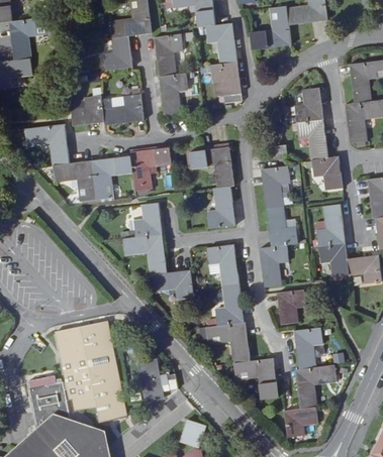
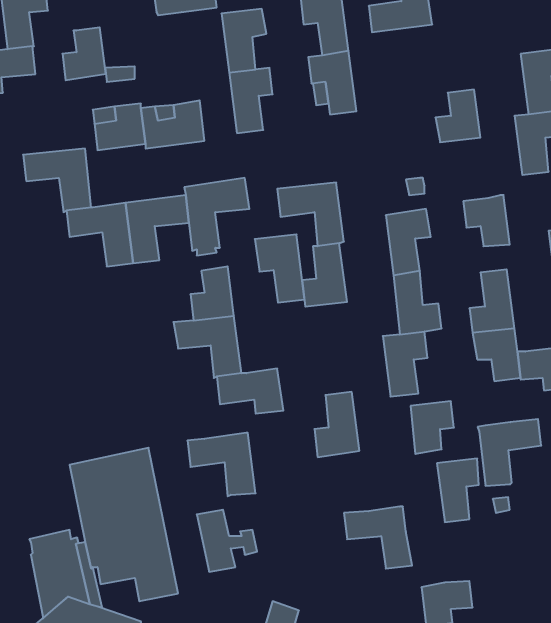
building: [103,36,131,71] -> [62,27,106,80]
building: [296,118,327,159] -> none
building: [206,241,238,285] -> [255,234,304,303]
building: [205,322,250,363] -> [187,433,256,496]
building: [294,364,336,408] -> [478,419,541,486]

